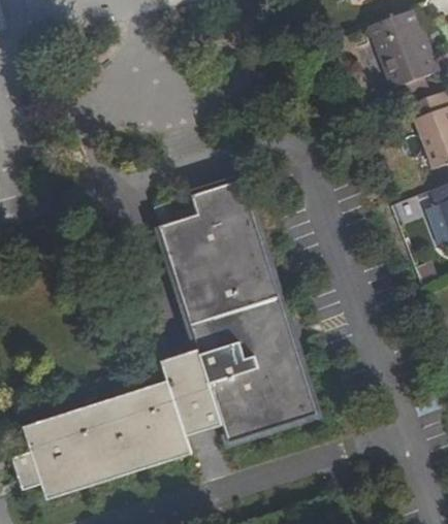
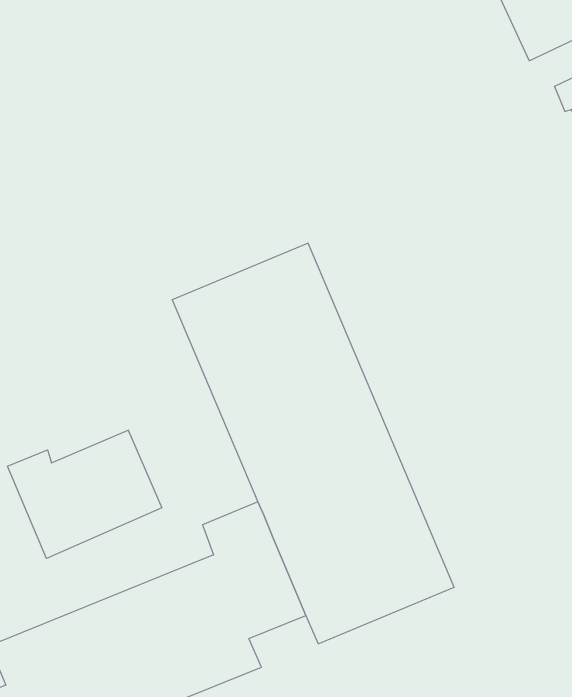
building: none -> [8,430,162,558]

